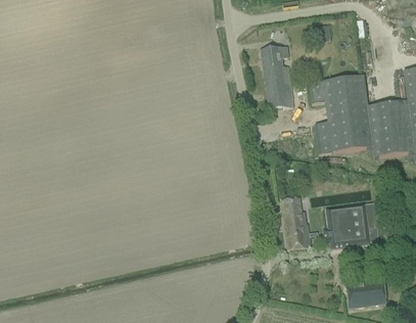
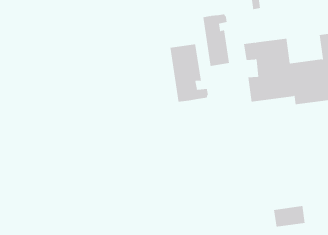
building: none -> [170,43,209,103]
building: [281,195,379,248] -> none

